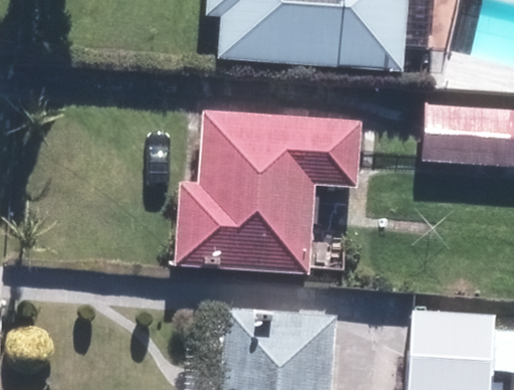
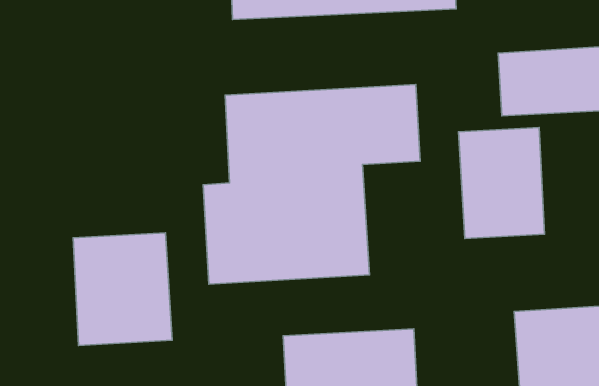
building: none -> [459,127,545,239]
building: none -> [73,233,172,345]

